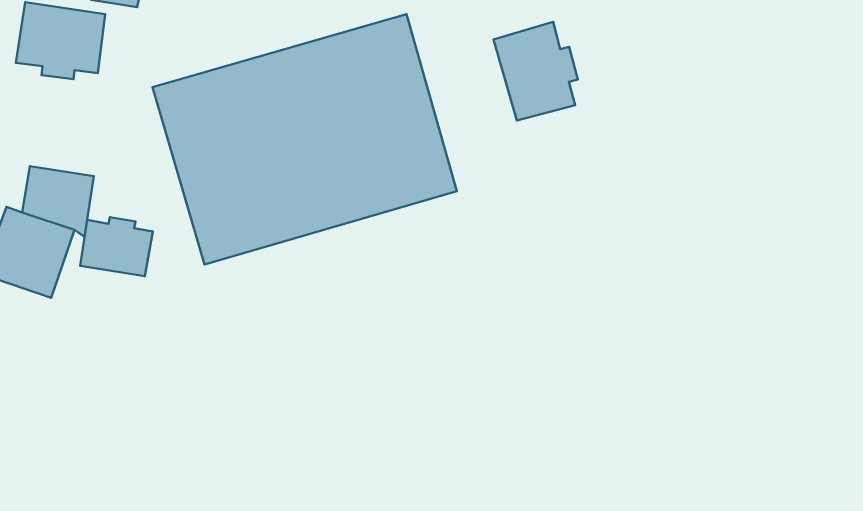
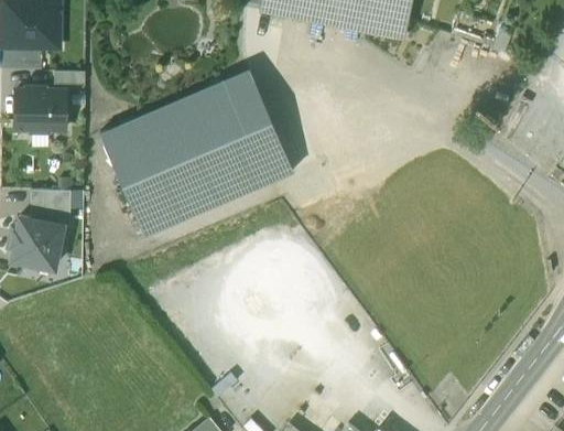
building: [493,22,578,121] -> none
building: [80,217,153,276] -> none

